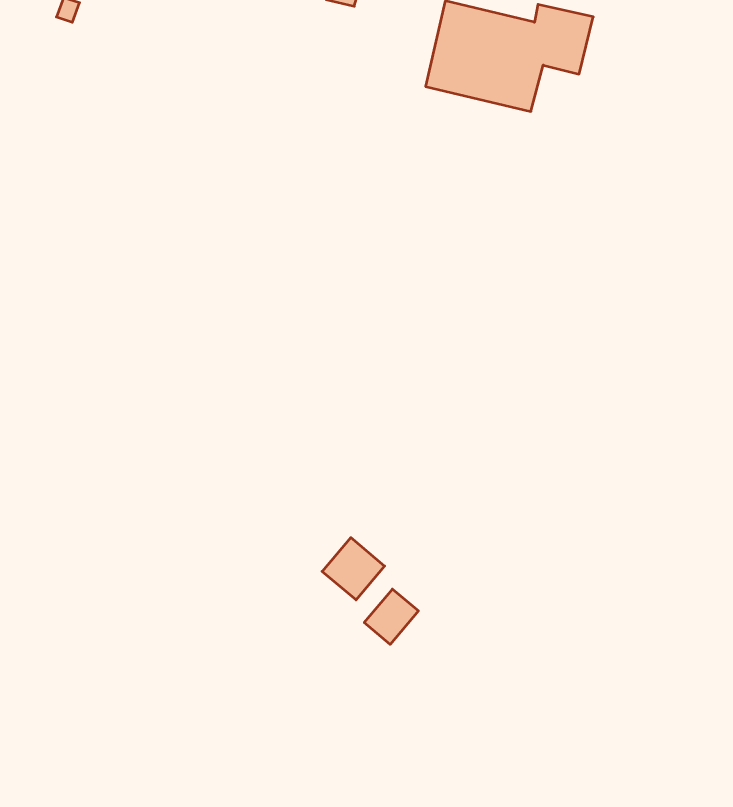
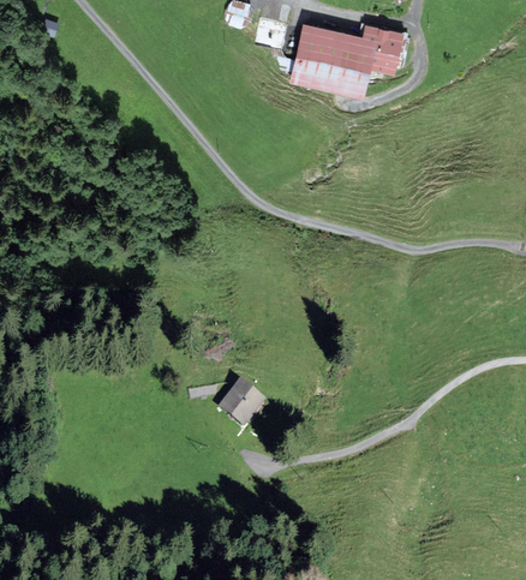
building: [364,589,418,644] -> none

